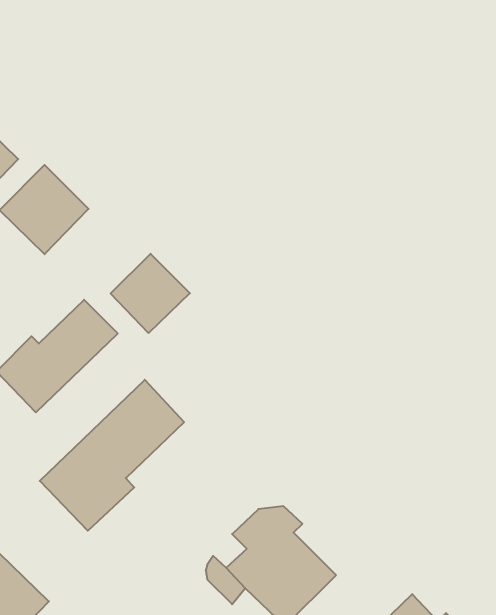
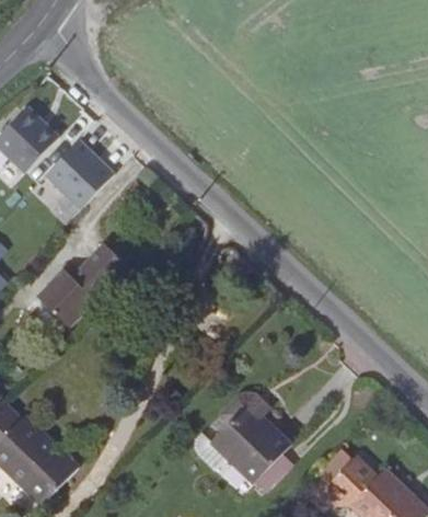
building: [111,254,190,333] -> none
building: [40,380,184,531] -> none

